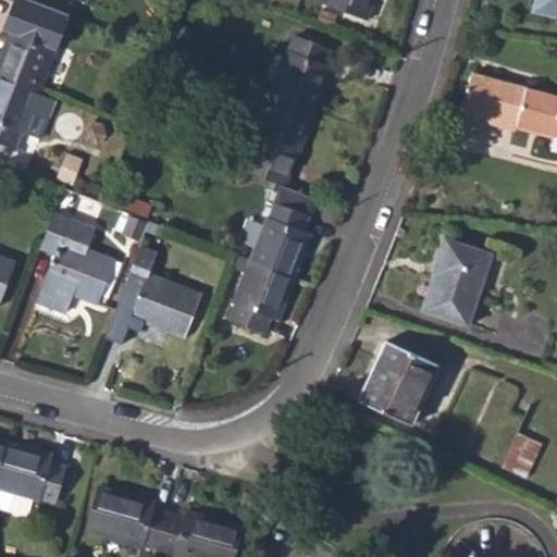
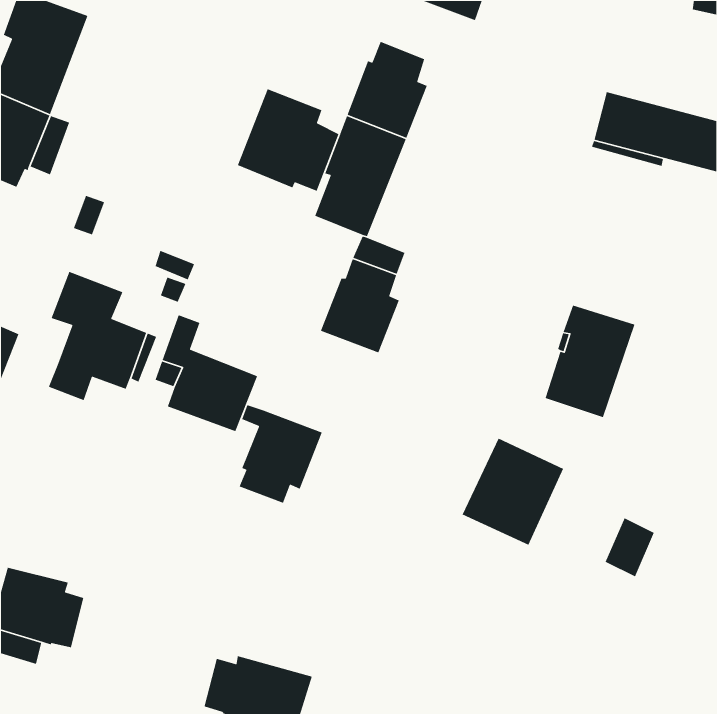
building: none -> [237,88,339,192]
building: [228,255,294,332] -> [238,404,323,504]
building: [500,432,540,479] -> [604,517,655,577]
building: [85,487,168,550] -> none

